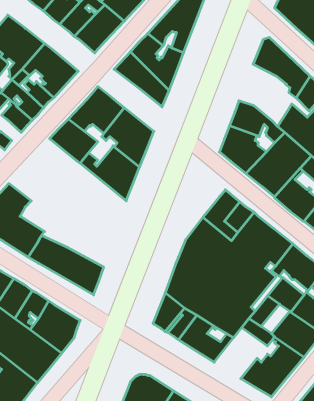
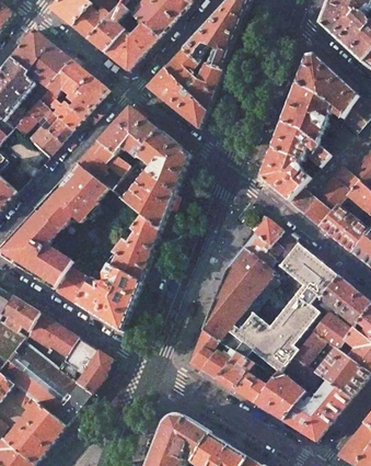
building: none -> [280,82,338,144]
building: none -> [34,162,107,229]
building: none -> [95,214,160,300]
building: none -> [254,371,305,420]

